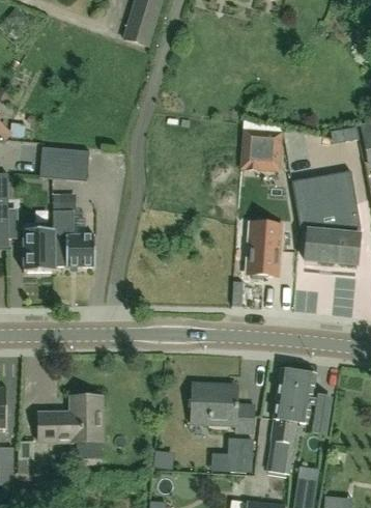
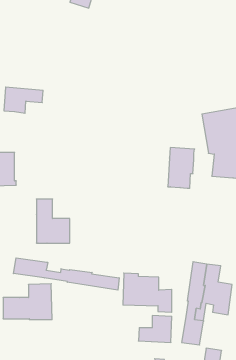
building: [240,129,279,169] -> none
building: [53,209,95,265] -> [36,199,70,243]
building: none -> [13,258,119,290]

